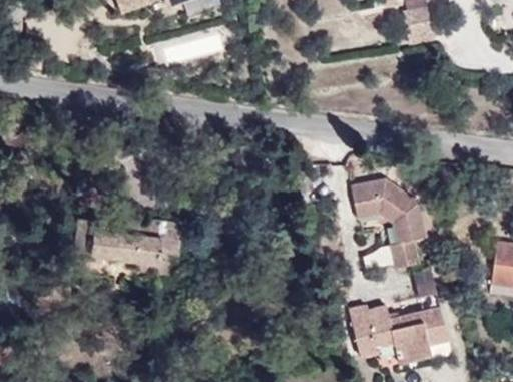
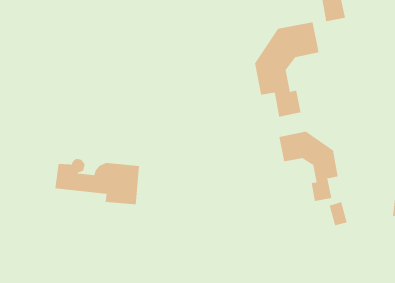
building: none -> [254,22,319,117]
building: [351,306,448,363] -> none

